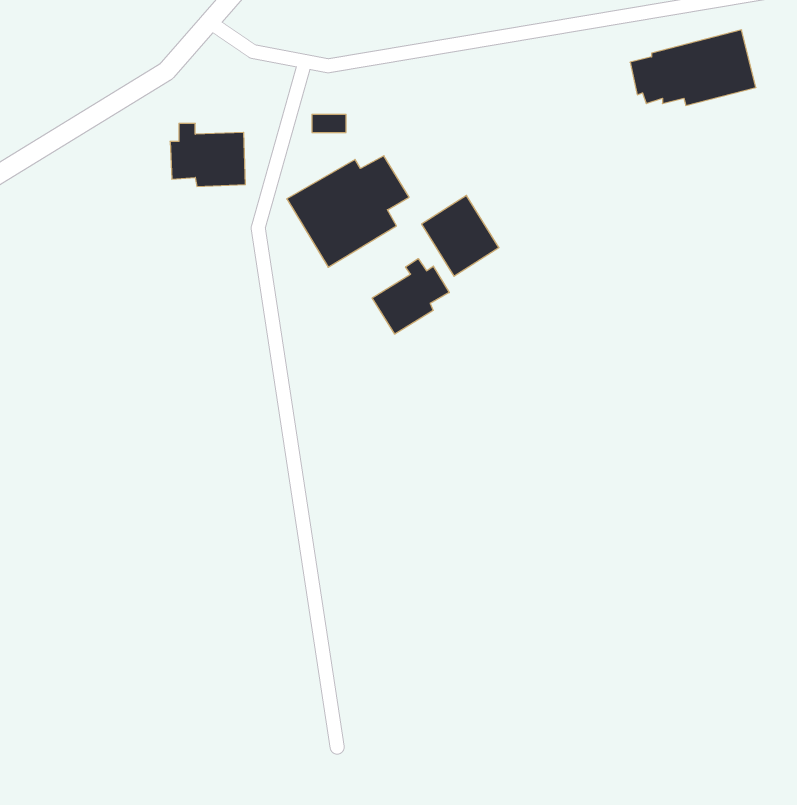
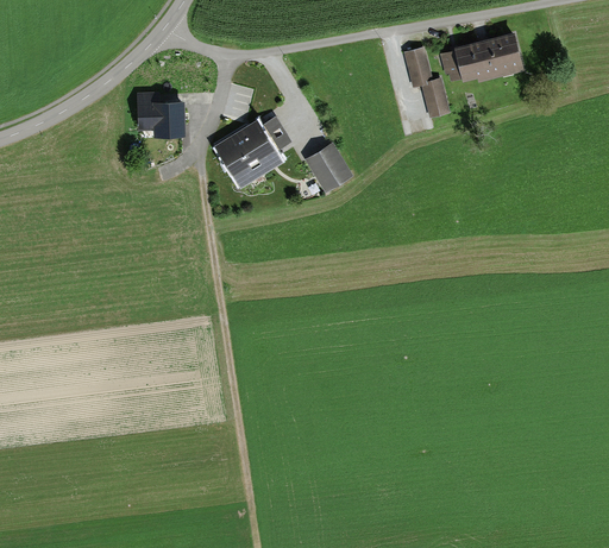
building: none -> [403,48,451,119]
building: [372,259,449,334] -> none

